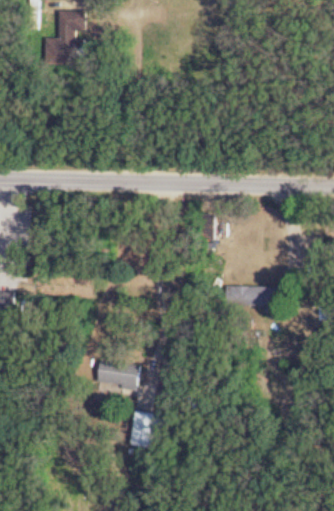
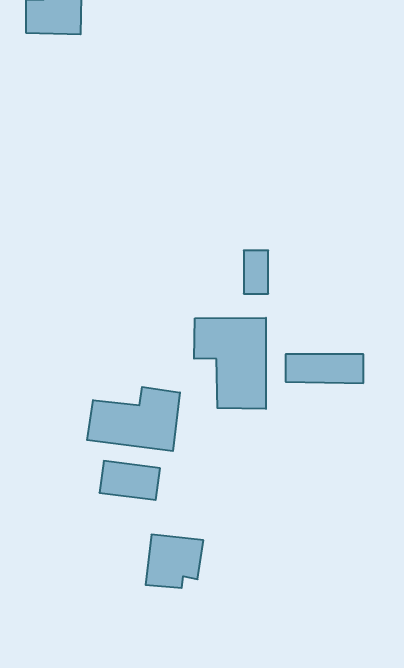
building: none -> [194,318,266,409]
building: none -> [87,387,180,451]

